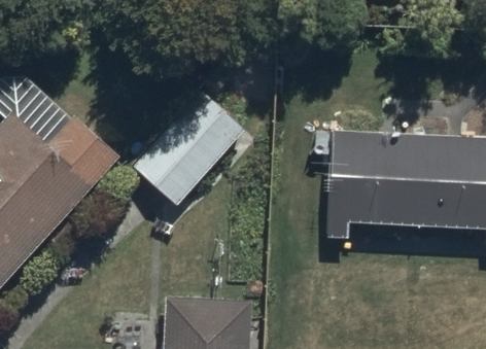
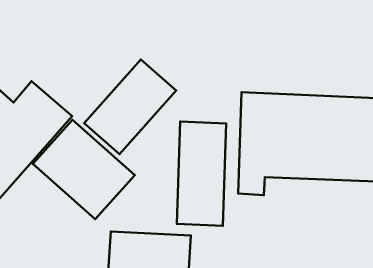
building: none -> [33,120,135,219]
building: none -> [177,121,226,226]

